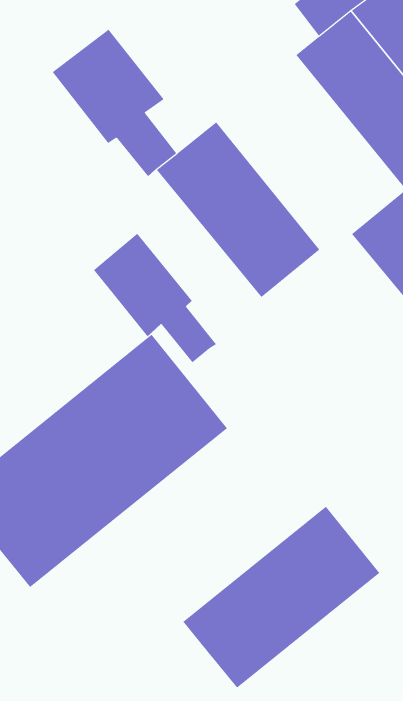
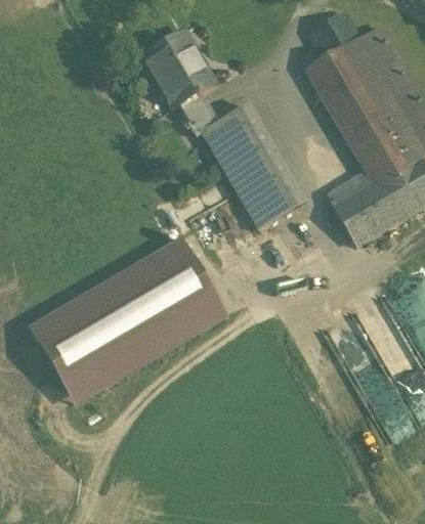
building: [93,233,217,363] -> none
building: [183,506,380,689] -> none

